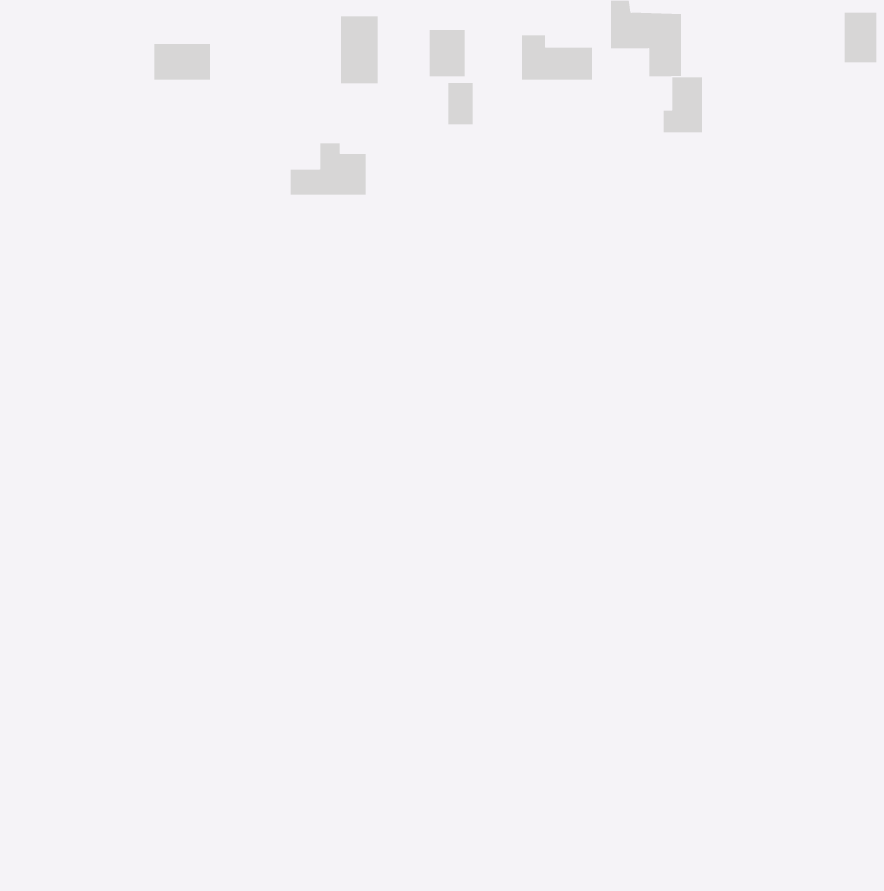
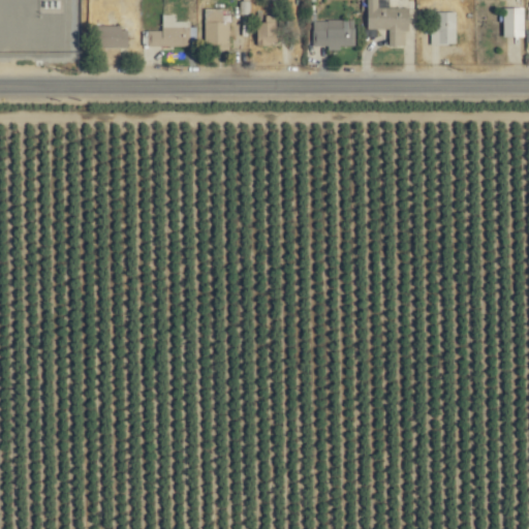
building: [663,77,703,133] -> [432,11,456,44]
building: [448,82,473,125] -> none
building: [290,143,367,195] -> [145,15,190,46]

